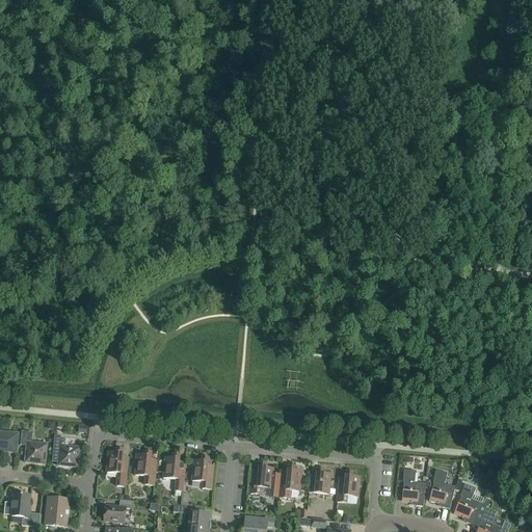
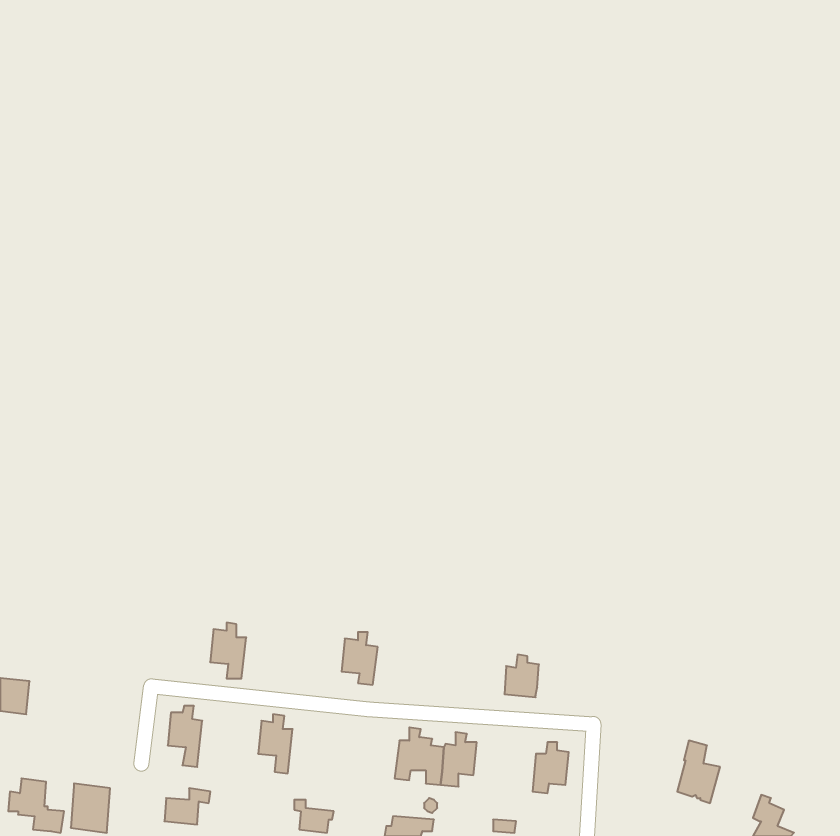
building: [20,428,47,462] -> none
building: [52,433,80,466] -> none
building: [134,448,157,483] -> [210,623,246,679]
building: [191,454,214,487] -> [342,632,378,685]
building: [309,466,330,493] -> [504,655,539,697]
building: [401,468,425,505] -> none
building: [453,482,482,523] -> none

